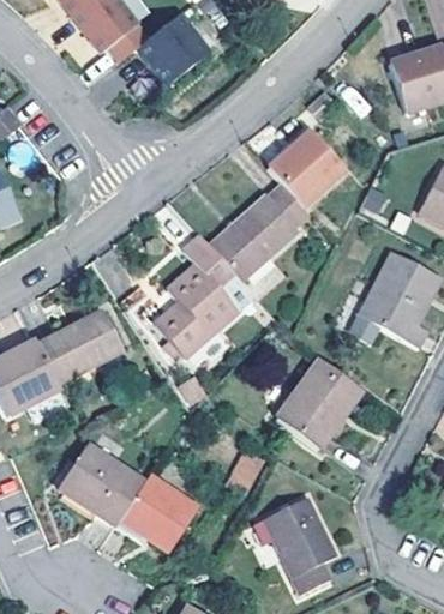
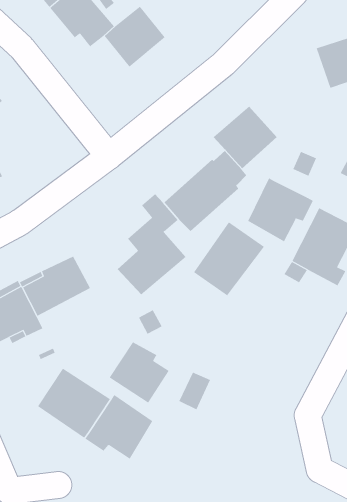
building: none -> [247,177,313,242]
building: [277,359,362,447] -> [193,222,265,296]
building: none -> [109,341,170,404]
building: [259,494,336,592] -> none

